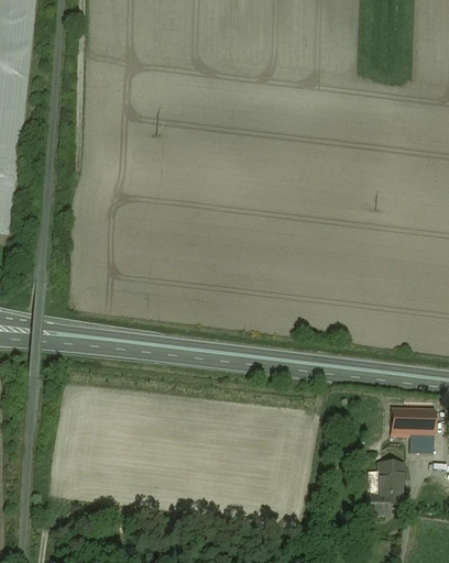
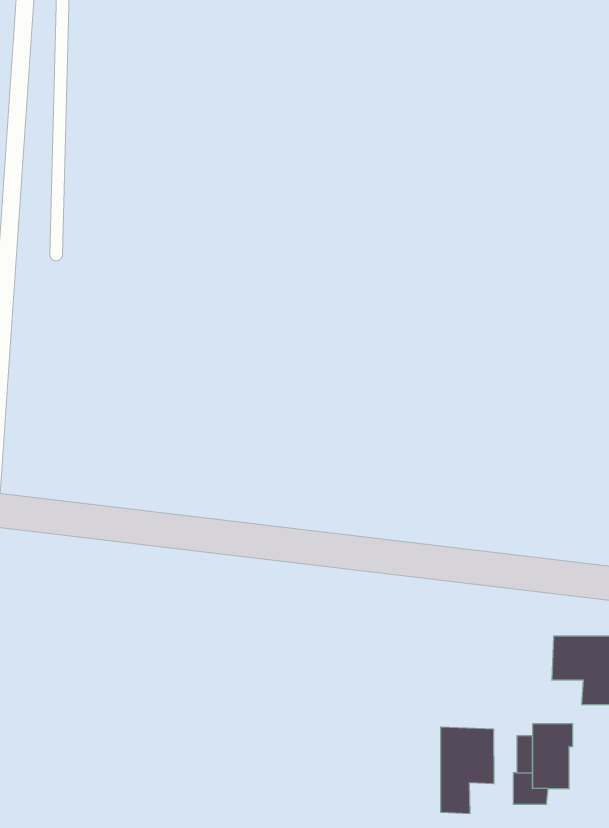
building: none -> [441,727,494,814]

